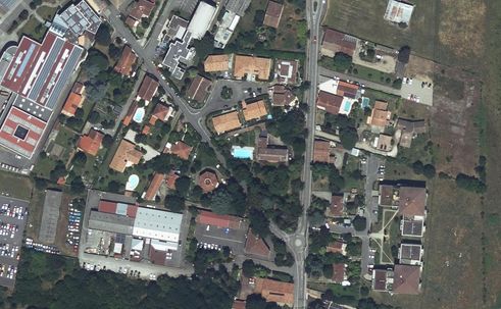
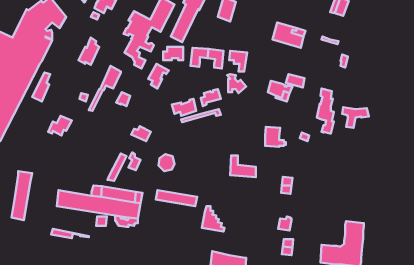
building: [259,138,287,161] -> [230,156,256,177]
building: [109,140,140,171] -> none
building: [380,185,425,236] -> none

